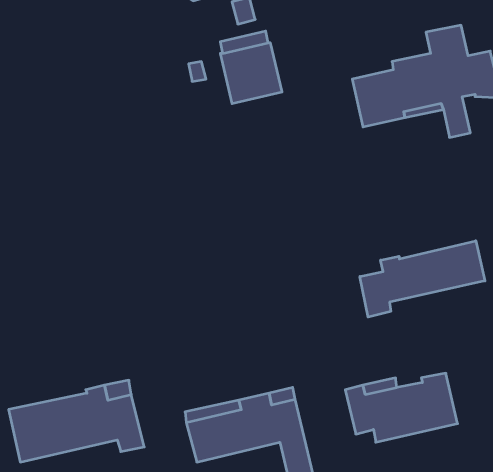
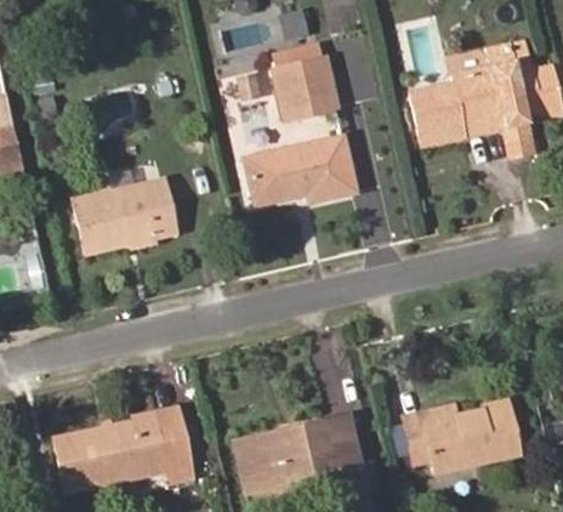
building: none -> [245,137,354,204]
building: none -> [74,178,176,252]
building: [360,241,485,317] -> none

